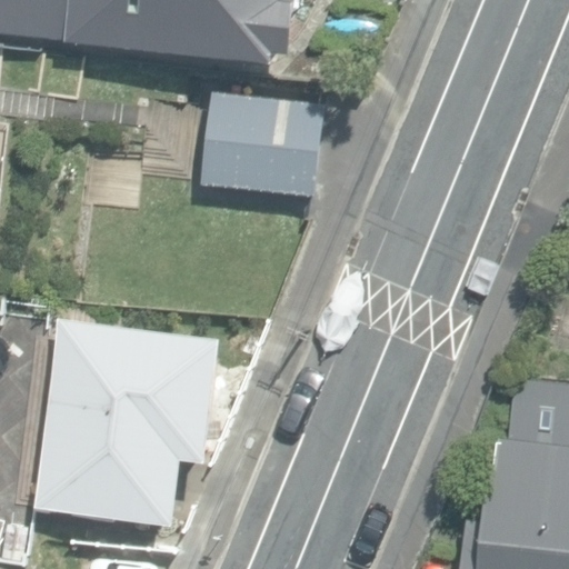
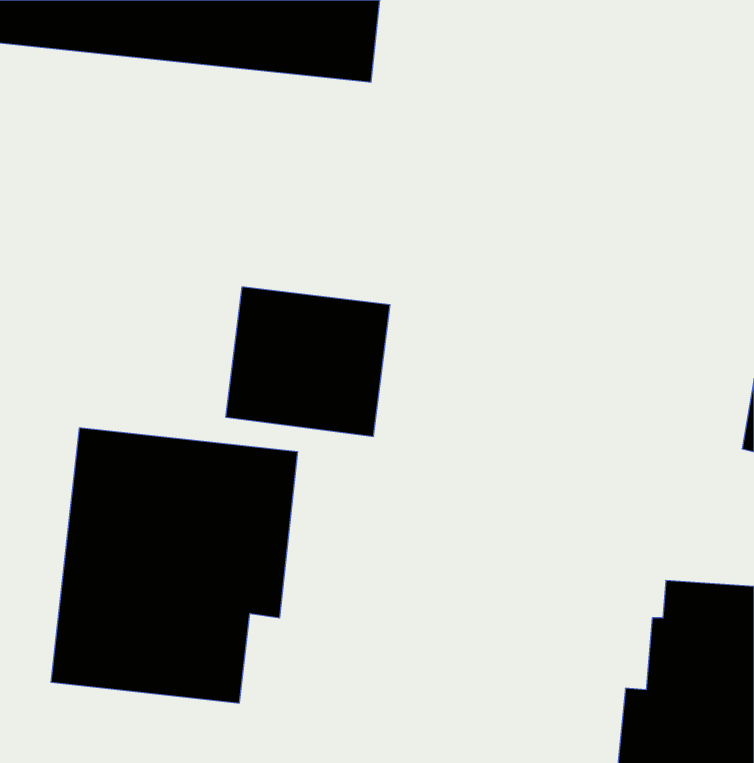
building: [199,86,321,197] -> [226,287,390,436]

